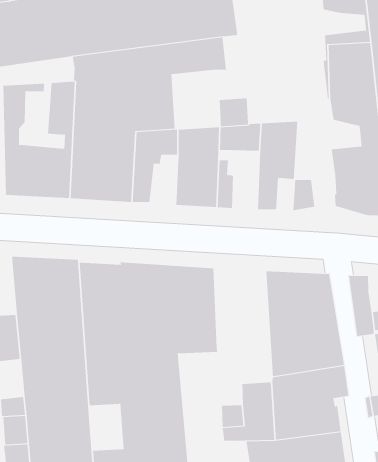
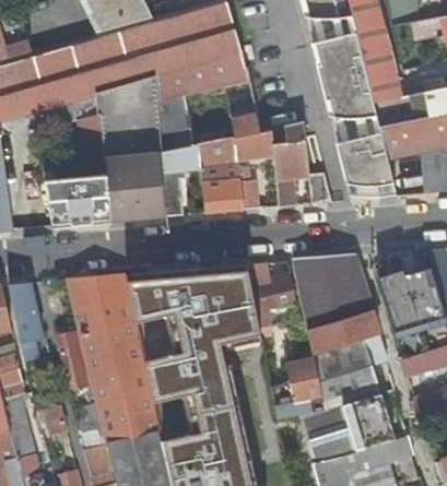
building: none -> [249,262,301,329]

